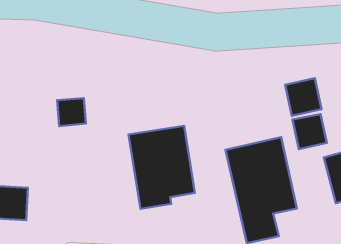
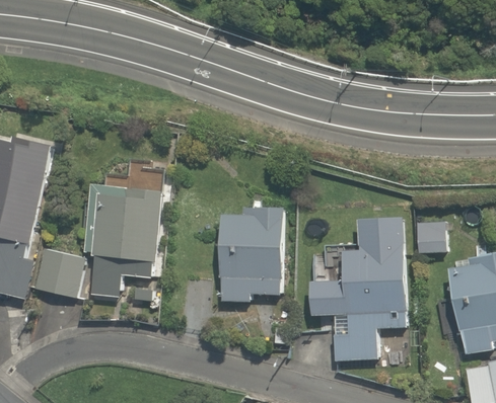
building: [285,78,321,116] -> none
building: none -> [90,190,154,298]

